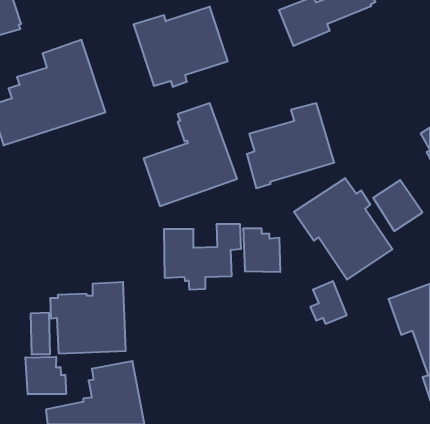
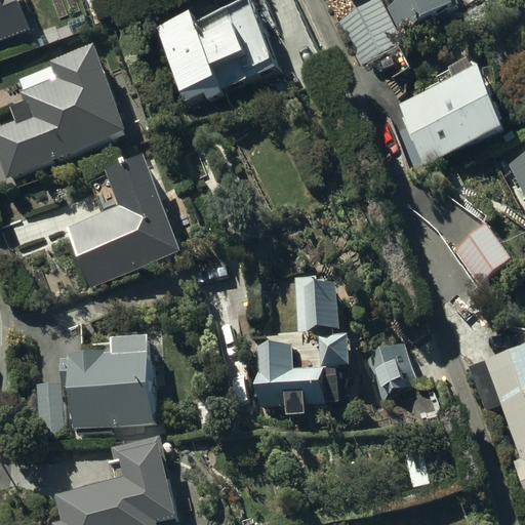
building: [247,103,334,188] -> [394,60,499,163]
building: [144,103,237,206] -> [67,163,179,287]
building: [294,178,392,280] -> none
building: [164,224,241,290] -> [255,337,349,416]
building: [25,357,66,394] -> none

